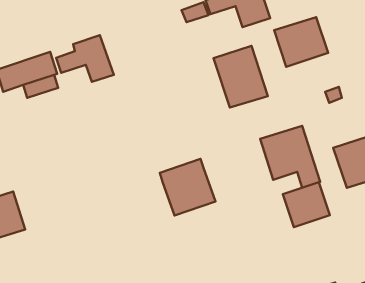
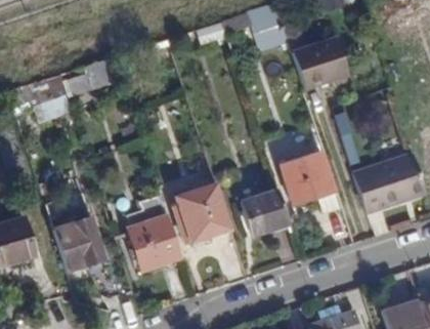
building: [214,46,268,107] -> none
building: none -> [44,192,104,272]
building: none -> [123,194,182,271]
building: [283,182,330,227] -> [242,190,290,236]

